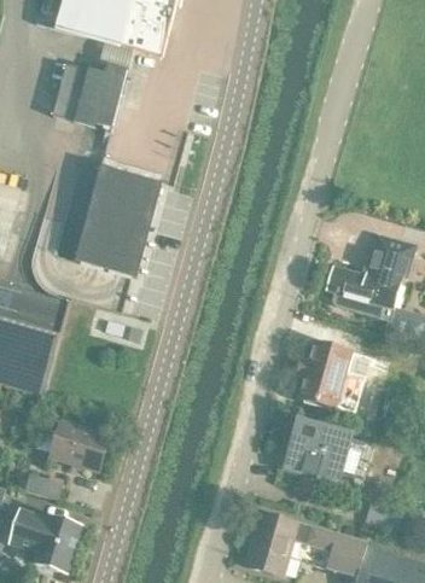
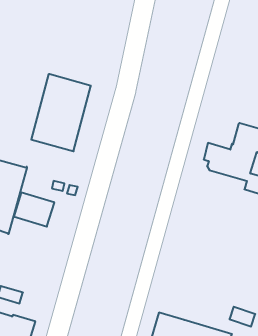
building: [51,63,126,124] -> none
building: [297,340,368,410] -> none
building: [48,420,107,470] -> [14,193,54,227]
building: [286,420,372,478] -> none

